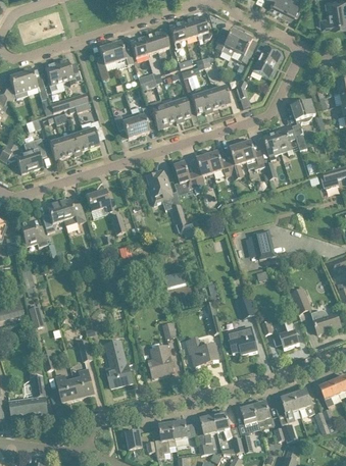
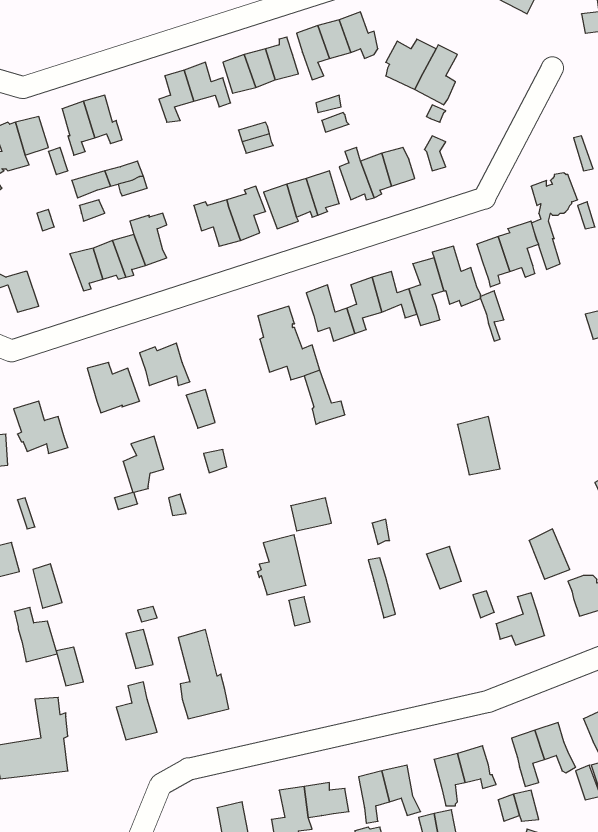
building: [251,45,280,76] -> none
building: [22,137,43,169] -> none
building: [41,202,62,231] -> [123,436,164,492]
building: [227,326,256,354] -> none
building: [187,338,218,366] -> none
building: [147,345,172,376] -> [257,535,306,595]
building: [55,373,78,402] -> [14,607,57,662]

